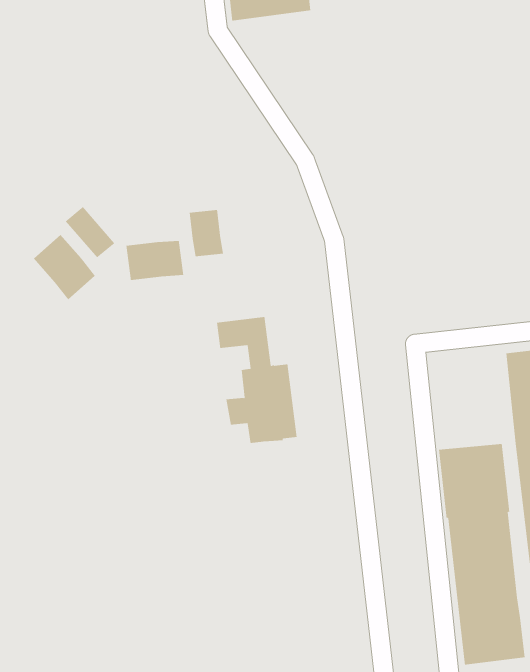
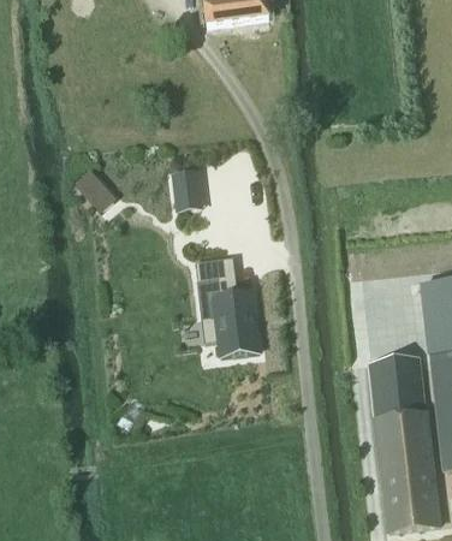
building: [33,234,95,300] -> none
building: [126,240,184,281] -> none

